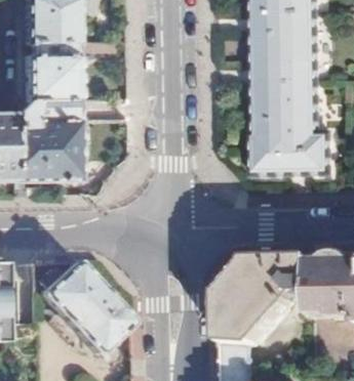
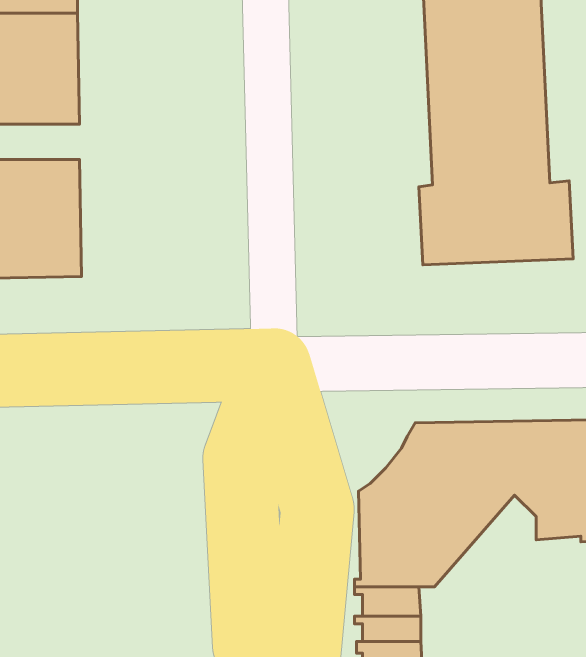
building: [37,260,127,349] -> none

